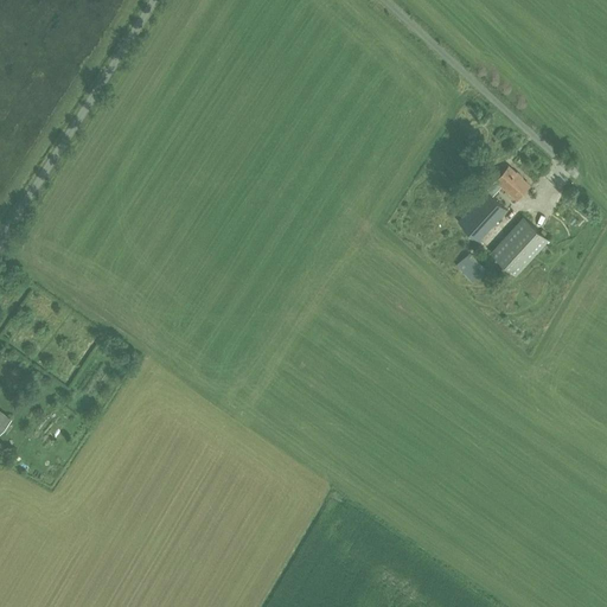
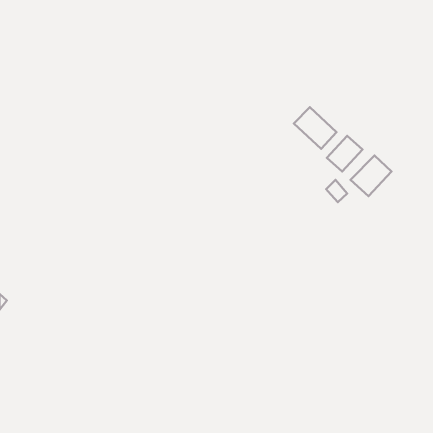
building: none -> [294,107,337,149]
building: [494,167,529,200] -> none

